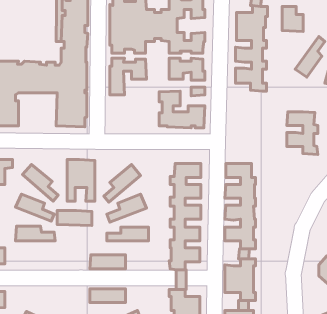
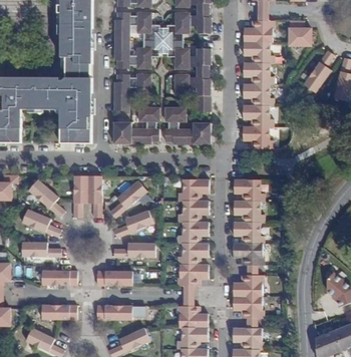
building: none -> [115,107,160,142]
building: [287,112,318,154] -> [242,105,273,148]
building: [57,211,92,225] -> [41,271,76,286]
building: none -> [40,306,76,320]

